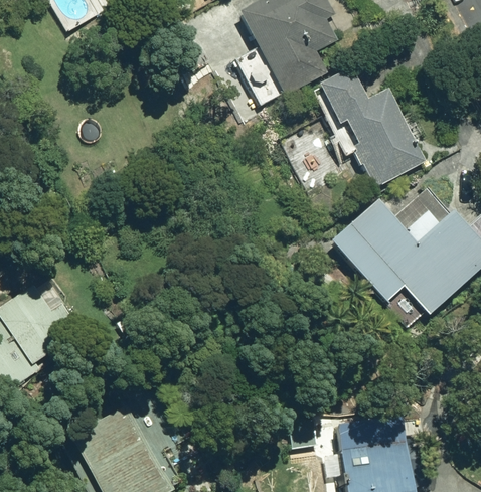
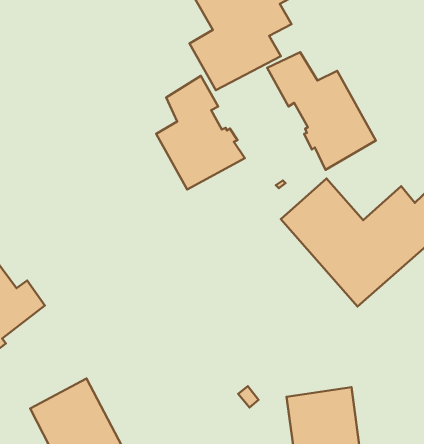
building: none -> [156,76,245,189]

